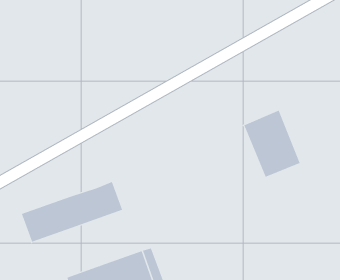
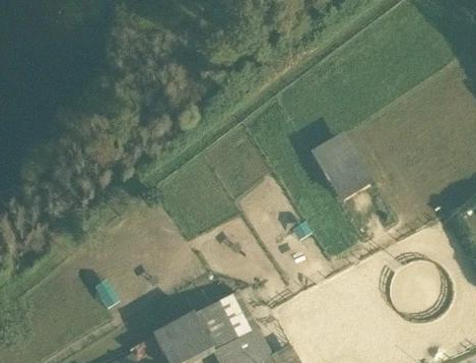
building: [21,181,123,243] -> none

